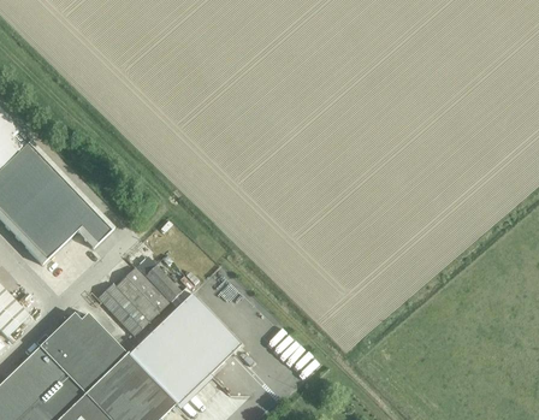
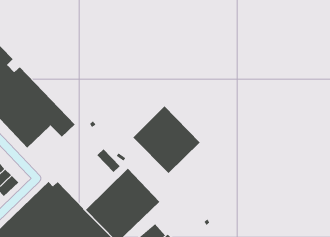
building: none -> [132,106,201,174]
building: [96,267,168,335] -> none

